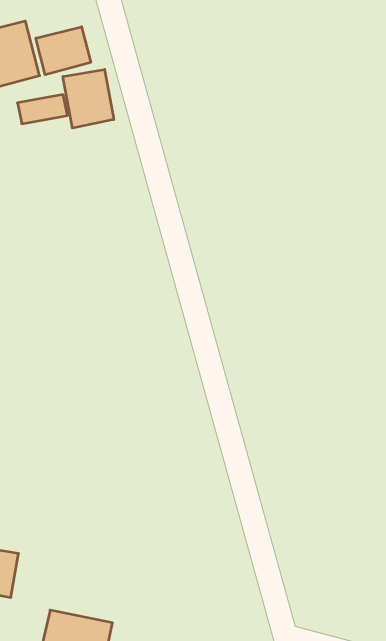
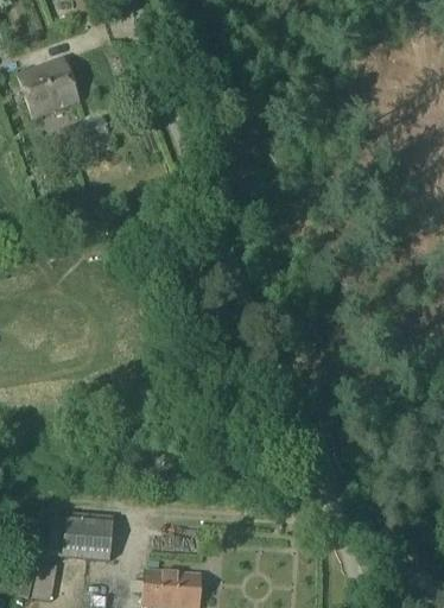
building: [36,27,91,75] -> none
building: [63,69,114,128] -> none

